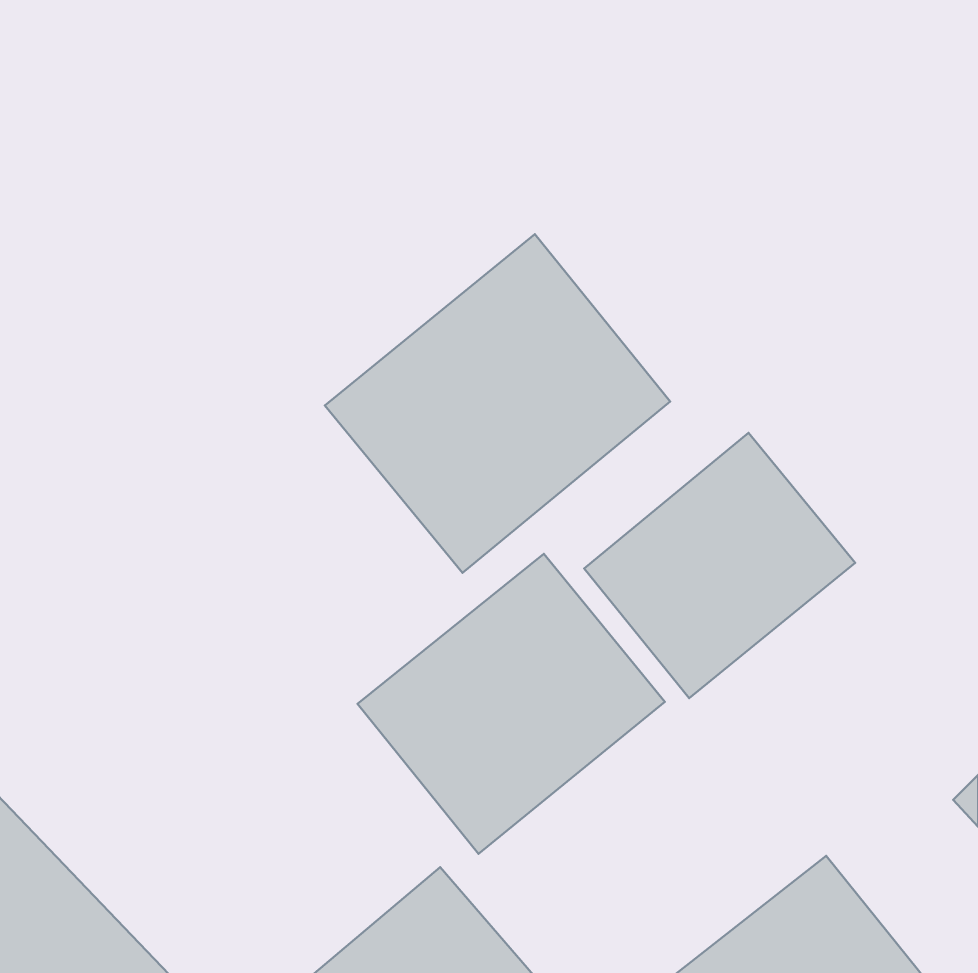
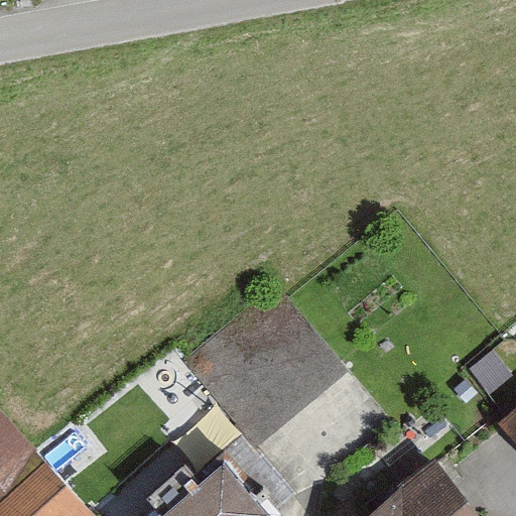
building: [325,234,670,573] -> none
building: [584,433,855,698] -> none

